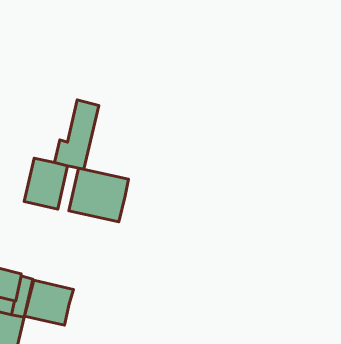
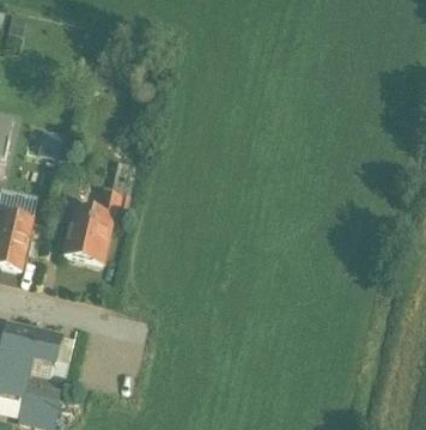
building: [69,168,128,222] -> none
building: [25,280,74,325] -> none

